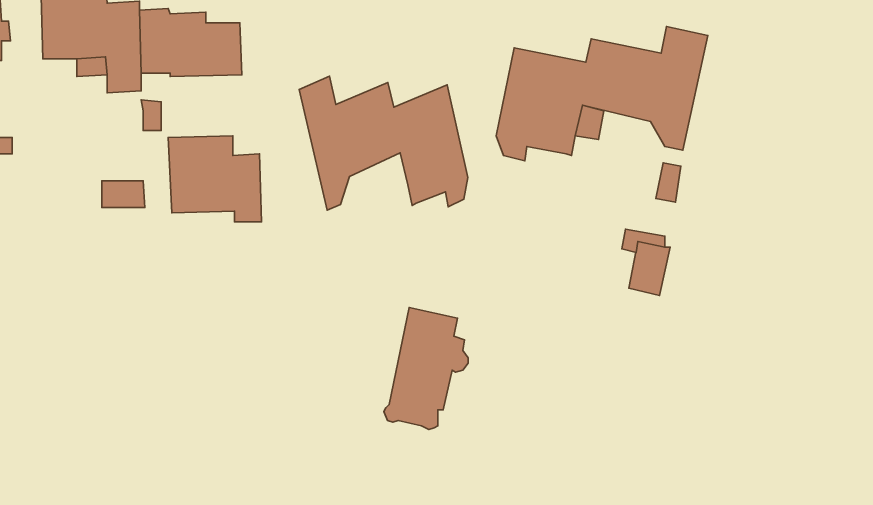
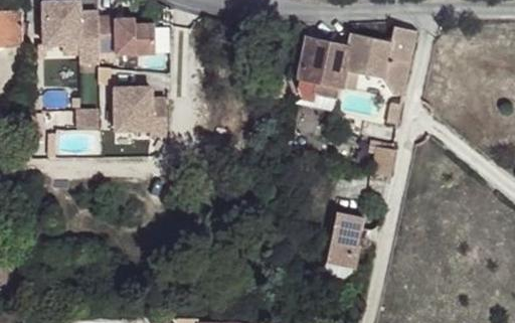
building: [299,76,468,210] -> none
building: [384,308,468,430] -> [322,210,369,279]

